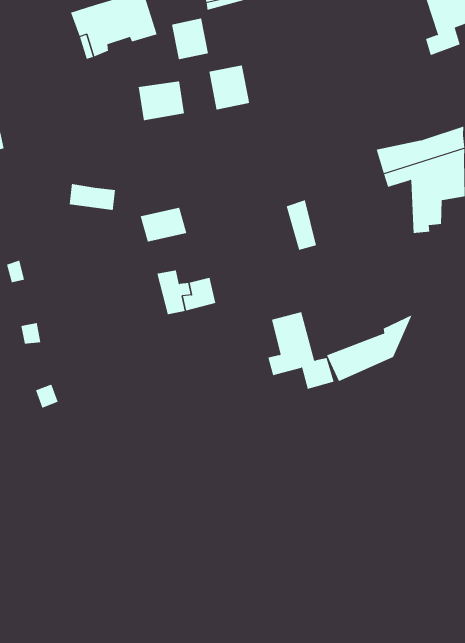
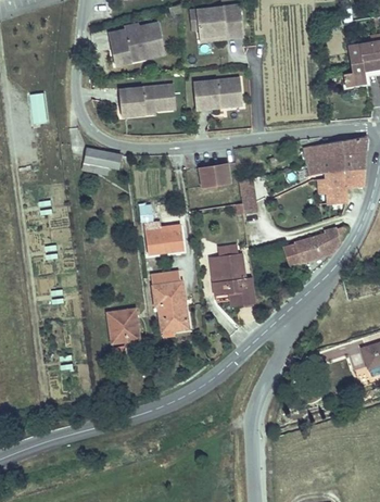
building: [171,18,209,60] -> [218,78,242,105]
building: none -> [118,88,145,117]
building: [140,207,187,242] -> [199,167,230,189]
building: [326,314,413,382] -> [284,225,347,266]
building: none -> [152,278,188,324]
building: none -> [105,302,136,334]

